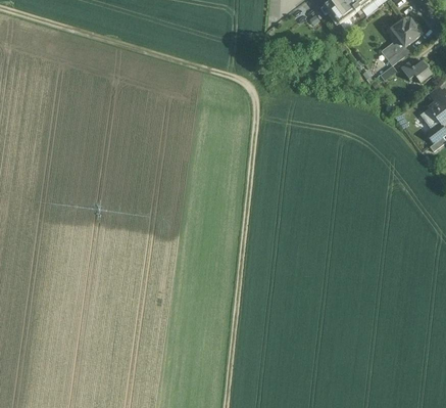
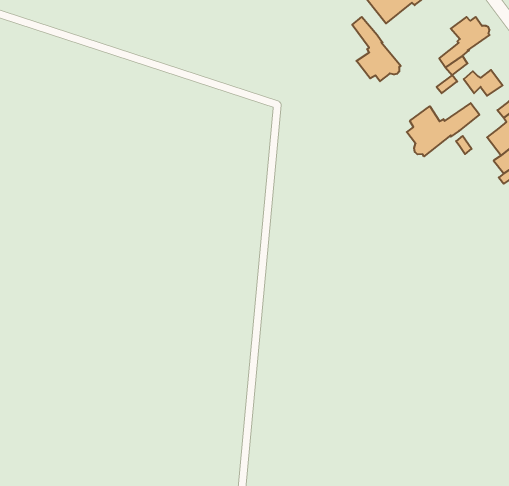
building: none -> [352,17,401,81]
building: none -> [407,103,479,156]

